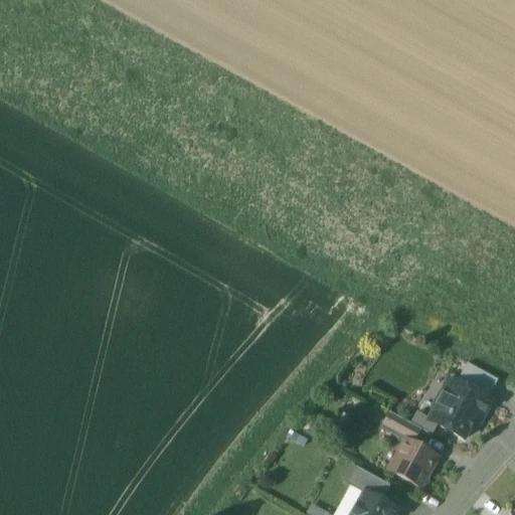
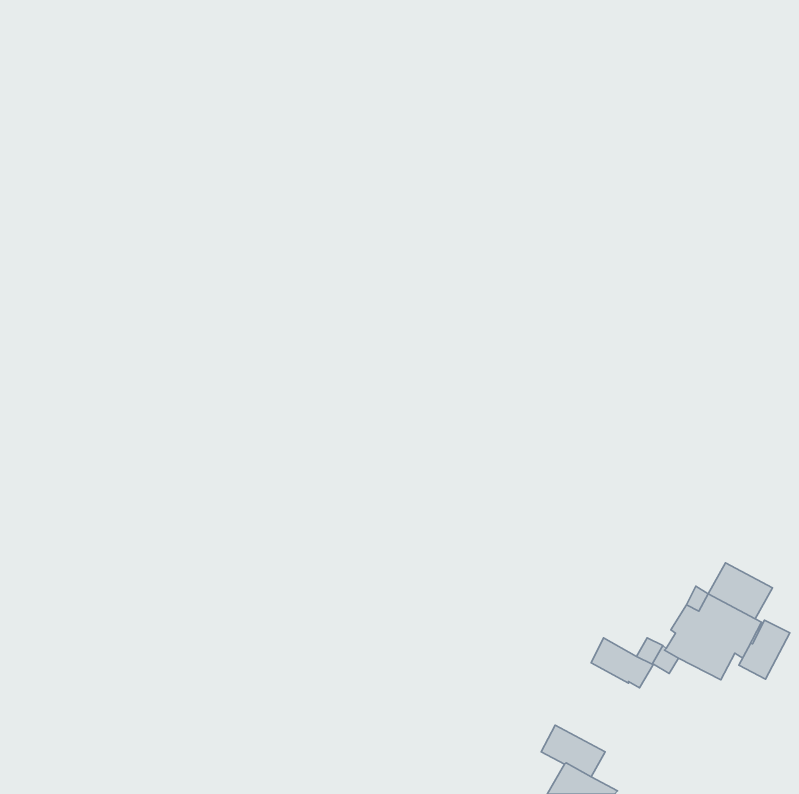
building: none -> [739,620,790,679]
building: [388,439,437,486] -> none

